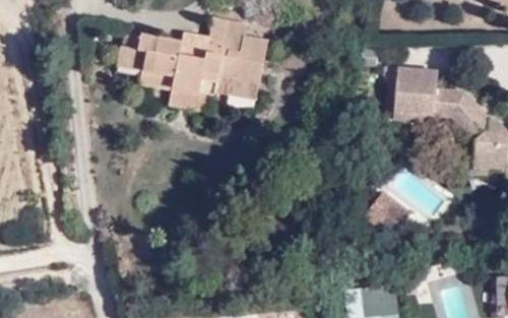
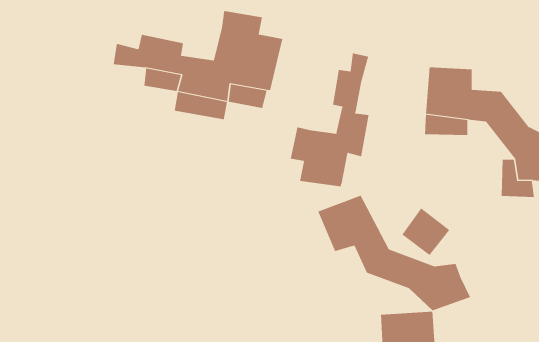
building: [175,23,210,58] -> none
building: none -> [290,53,369,187]
building: none -> [317,195,471,311]

